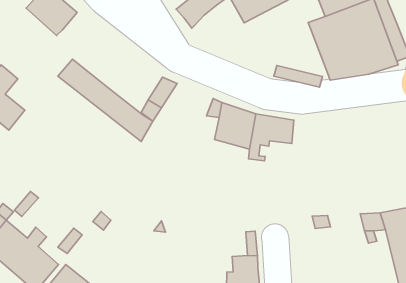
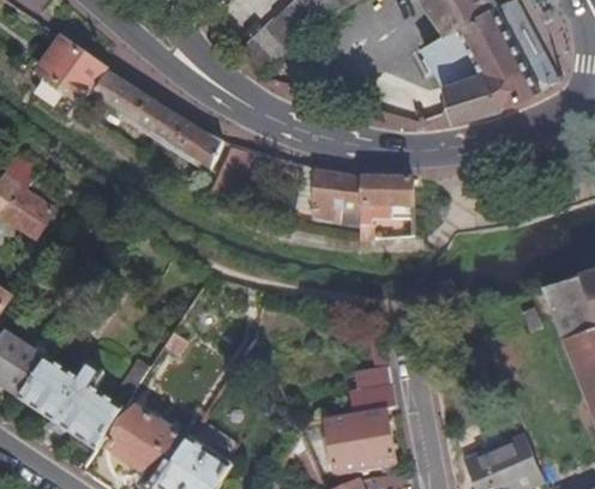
building: [58,59,153,141] -> [91,72,224,170]

